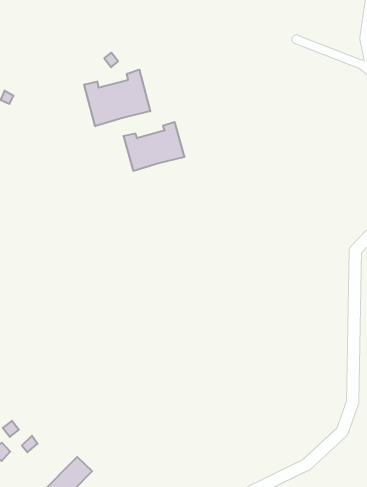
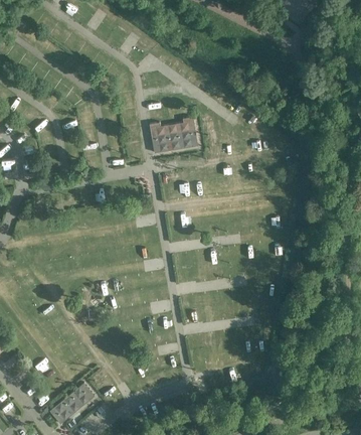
building: [84,70,150,126] -> none

